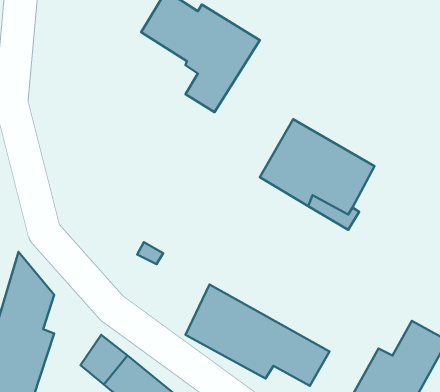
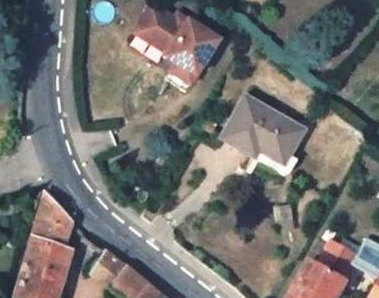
building: [185,285,330,386] -> none

